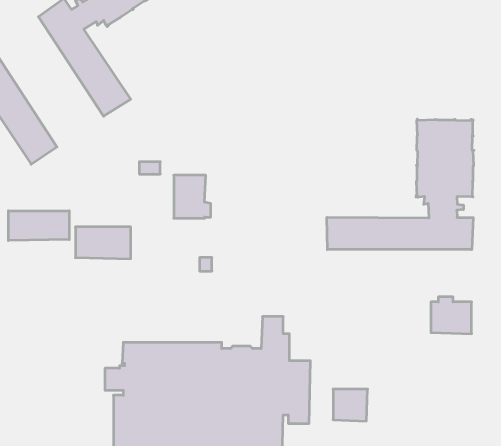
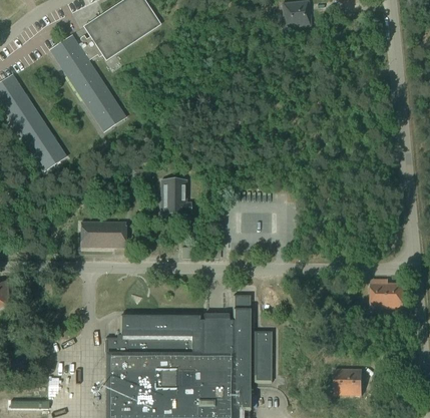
building: [327,119,474,250] -> none
building: [8,211,69,241] -> none
building: [333,389,368,421] -> [334,369,362,395]

